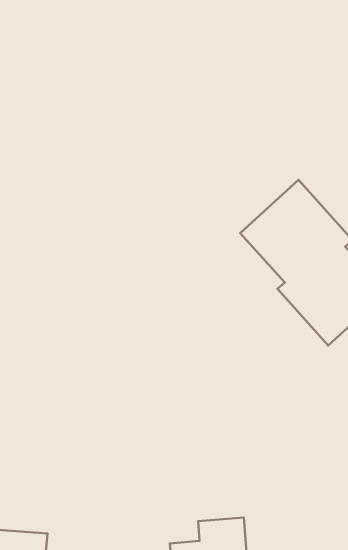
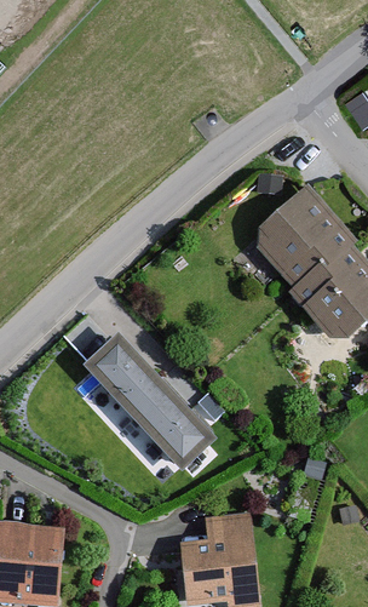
building: none -> [84,336,214,471]

